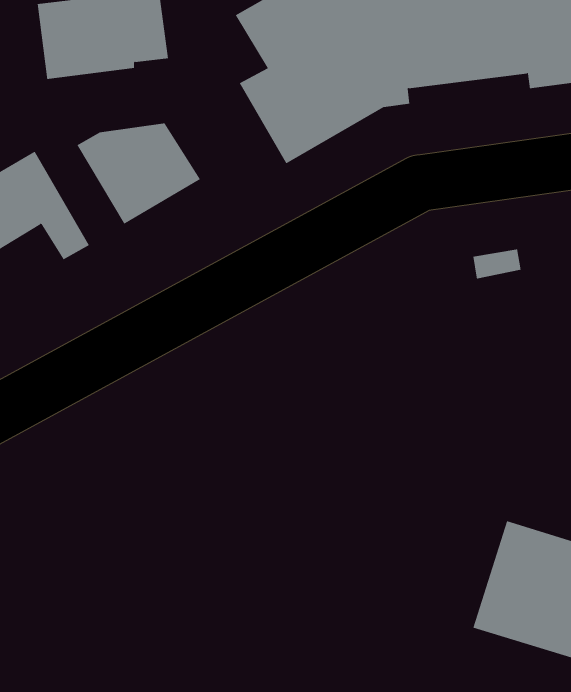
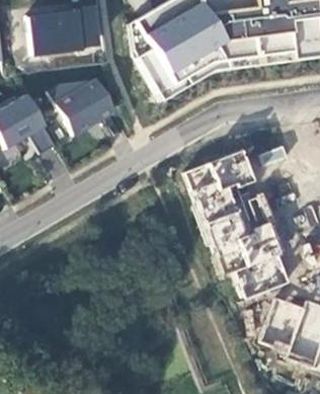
building: none -> [189,148,295,301]

